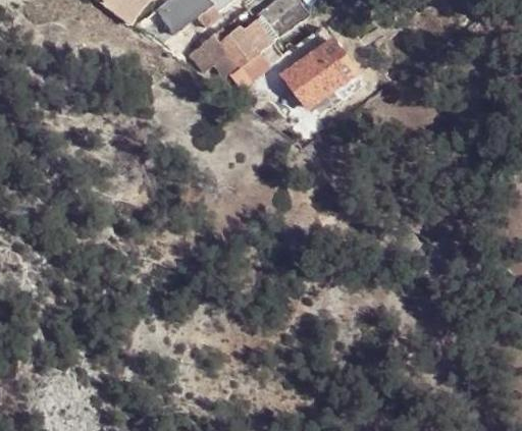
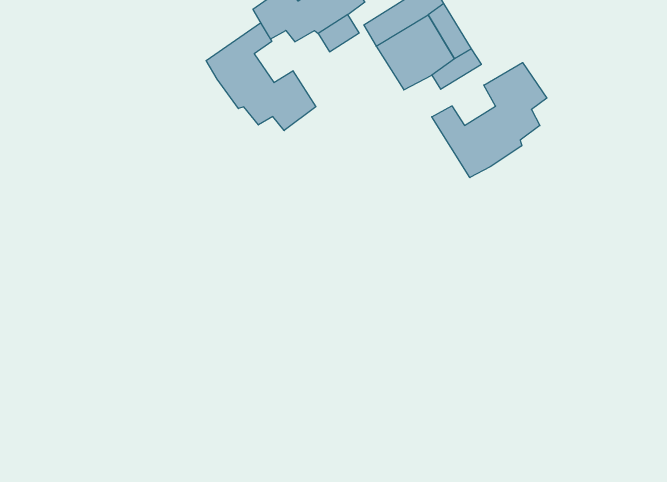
building: none -> [206,23,316,131]
building: none -> [432,63,547,178]

